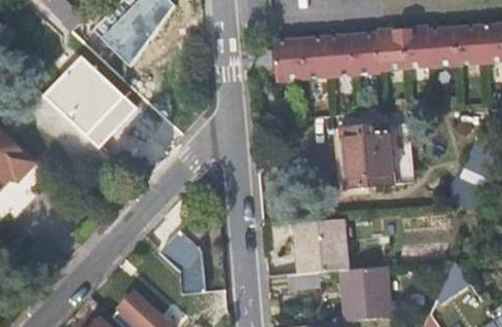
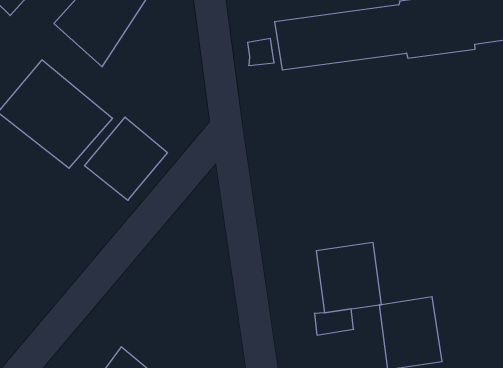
building: none -> [85,117,167,200]
building: [339,125,411,188] -> none
building: [159,233,205,296] -> none

